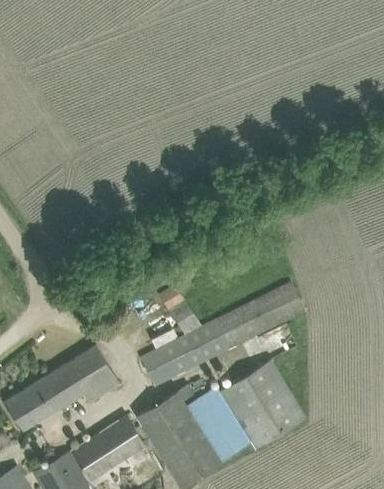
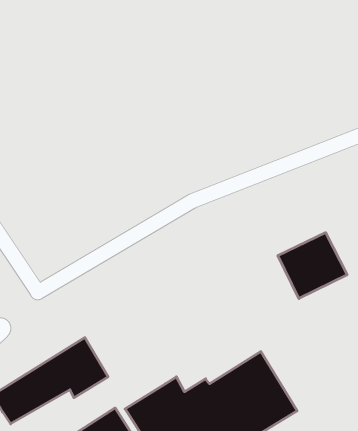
building: none -> [278,233,347,299]
building: [141,282,306,386] -> none

